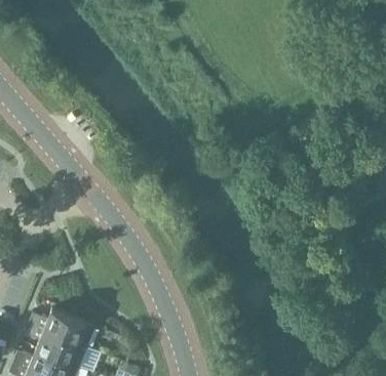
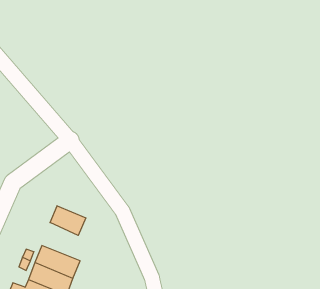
building: none -> [50,206,86,235]

